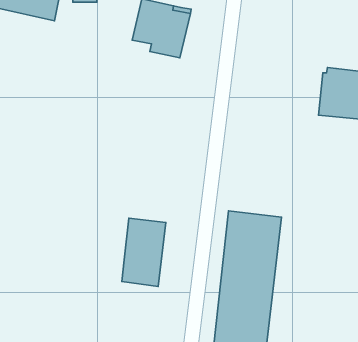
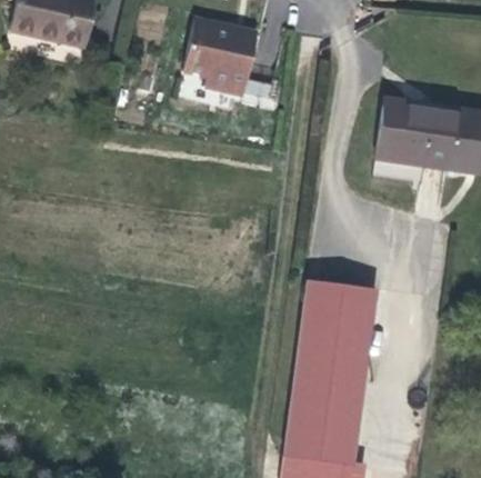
building: none -> [375,108,424,166]
building: [122,218,166,287] -> none

